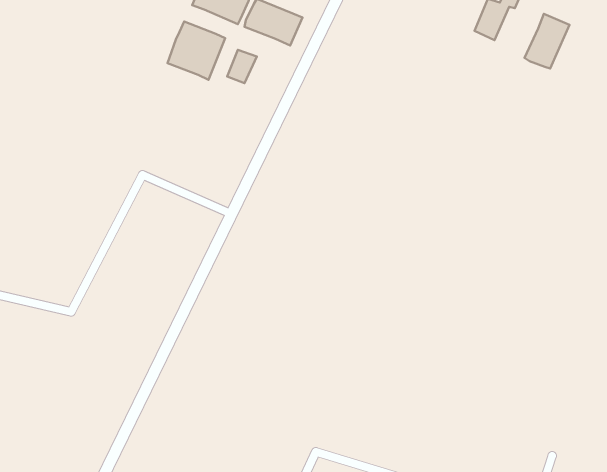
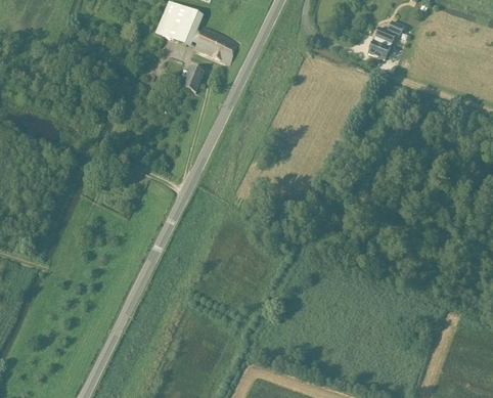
building: [524,14,569,69] -> none
building: [168,21,225,80] -> none

